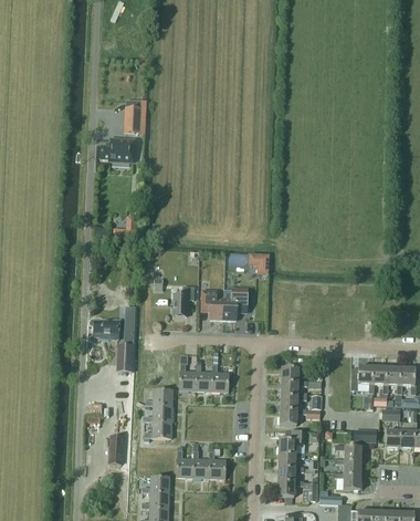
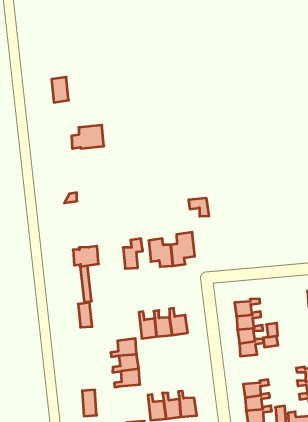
building: [99,137,134,160] -> [72,125,104,149]
building: [93,317,119,337] -> [73,246,99,267]
building: [277,429,305,454] -> none

